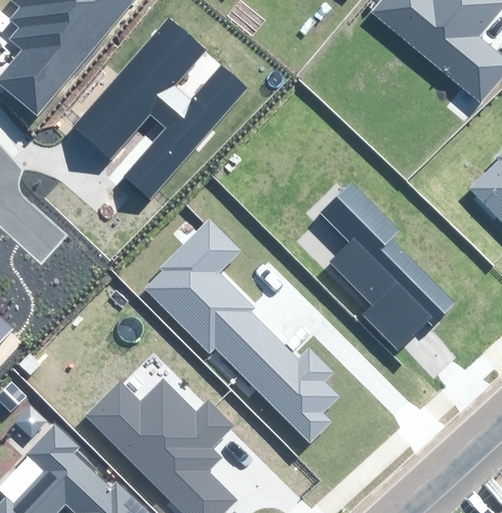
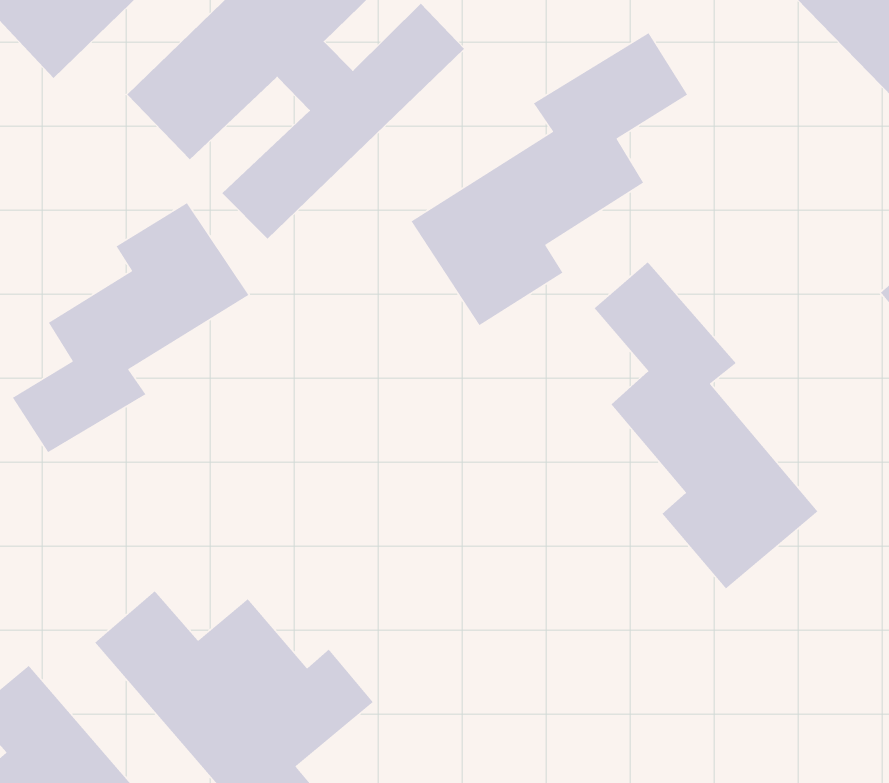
building: none -> [411,32,688,326]
building: none -> [12,202,249,453]
building: [141,221,340,443] -> none

